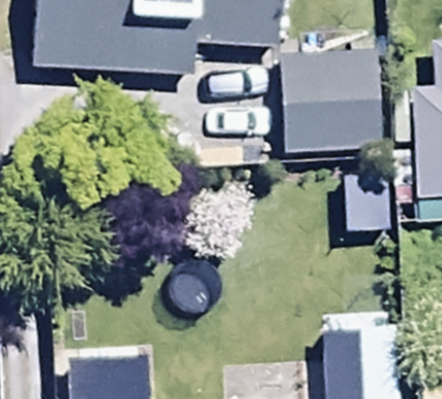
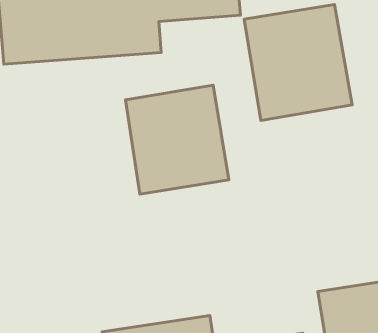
building: none -> [125,85,229,194]

